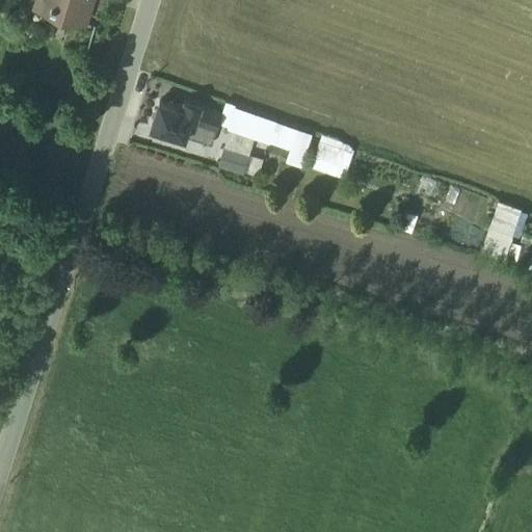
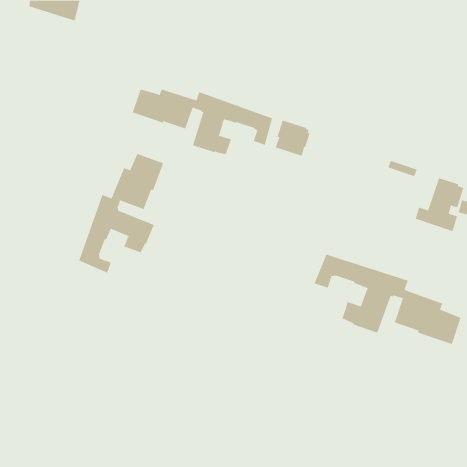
building: none -> [78,153,164,274]
building: none -> [314,254,461,345]

